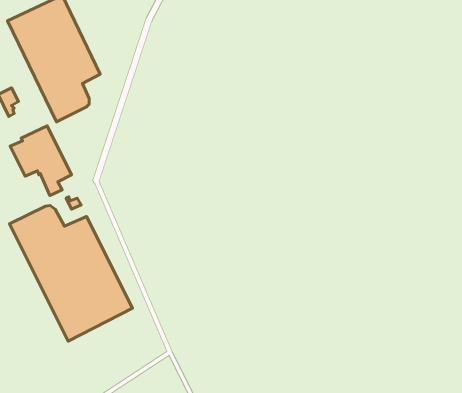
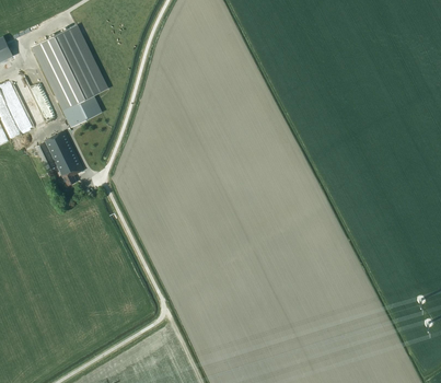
building: [9,205,133,341] -> none

